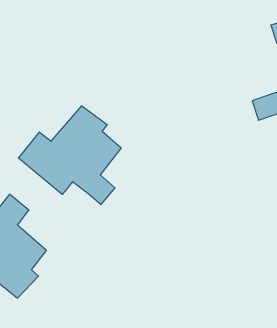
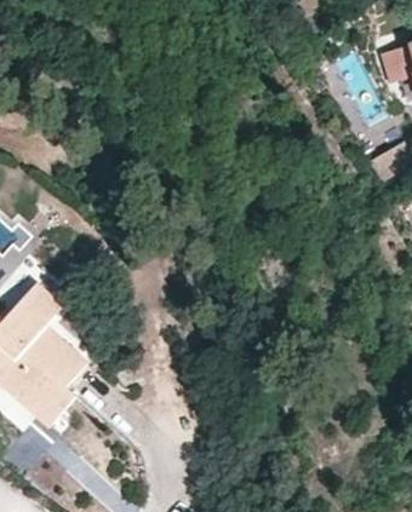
building: [18,106,121,205] -> none

